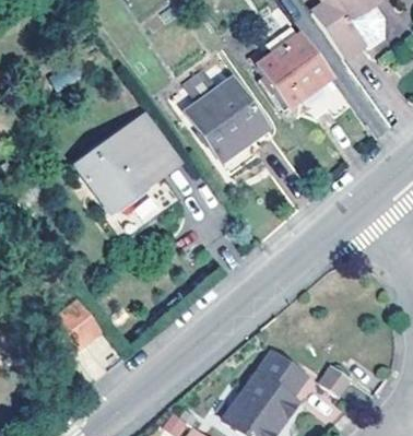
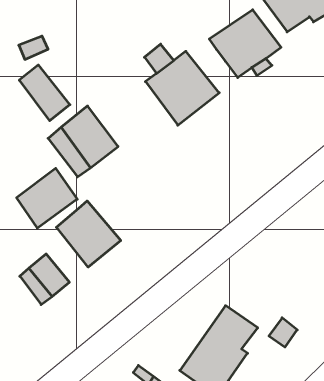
building: [125,120,179,180] -> [19,65,70,121]
building: none -> [17,168,77,228]
building: none -> [56,201,121,267]

